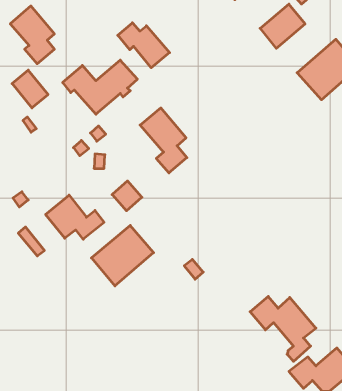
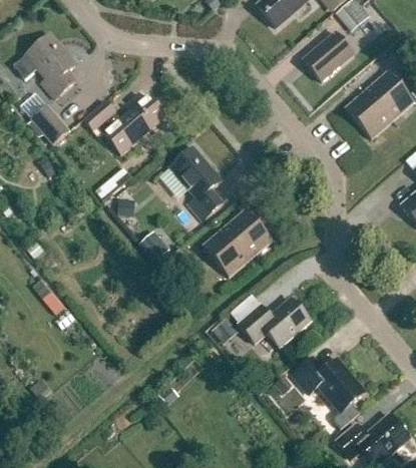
building: [118,23,170,68] -> none
building: [46,195,104,239] -> none
building: [91,225,154,286] -> [203,209,273,277]
building: none -> [239,298,311,348]

